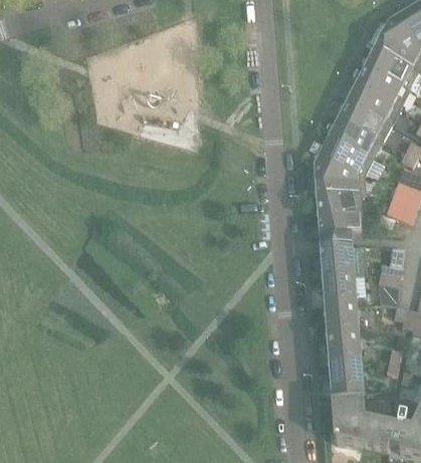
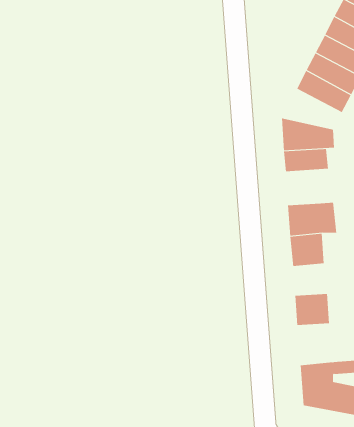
building: [313,134,373,173] -> none
building: [318,211,361,246] -> none
building: [325,302,359,333] -> none
building: [329,361,364,401] -> none

